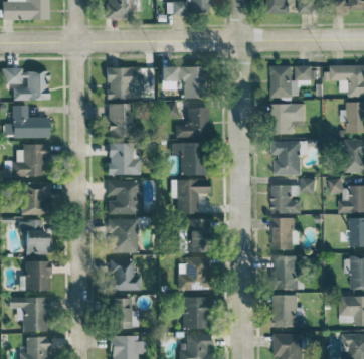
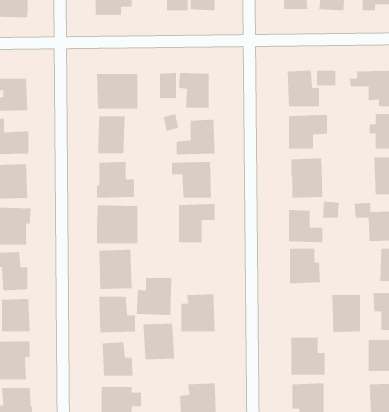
building: [178,219,209,252] -> [136,277,172,316]
building: [274,255,299,289] -> [331,294,361,333]
building: [181,297,209,329] -> [142,323,175,360]

